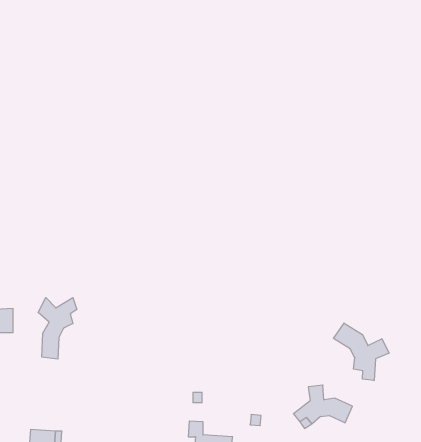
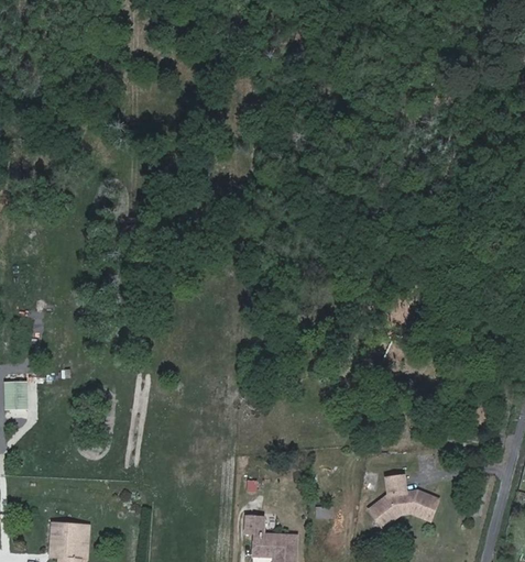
building: [38,298,77,359] -> none
building: [334,323,389,381] -> none

